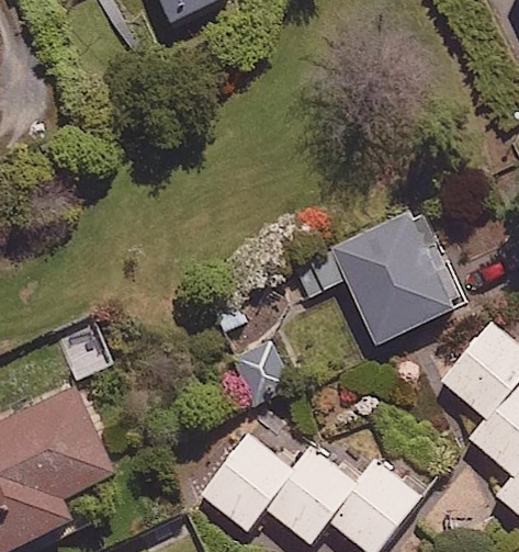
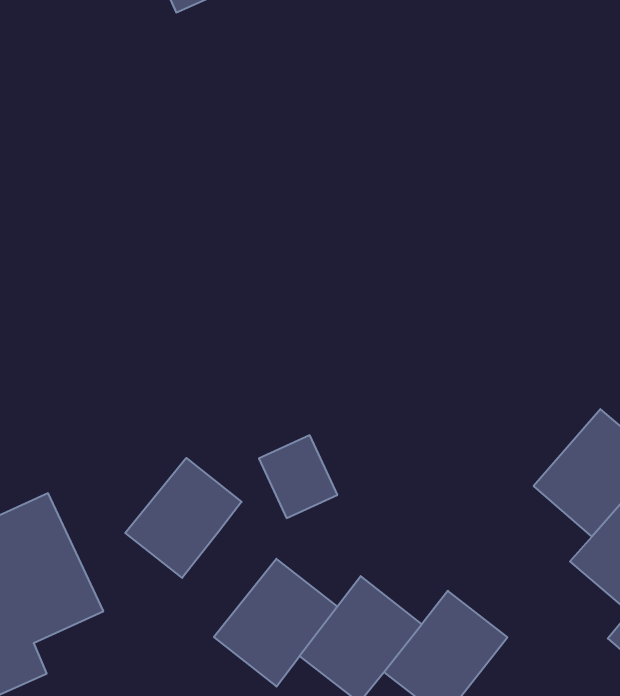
building: [292,206,463,345] -> none
building: none -> [125,458,242,578]

